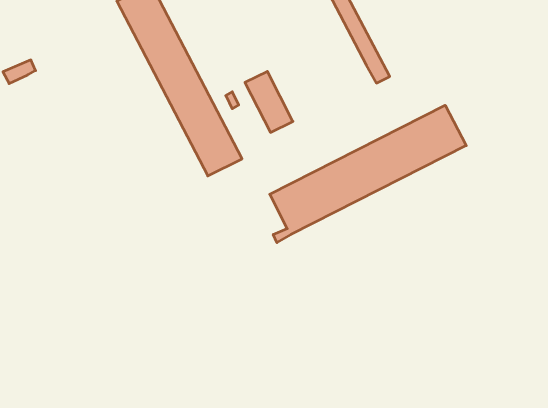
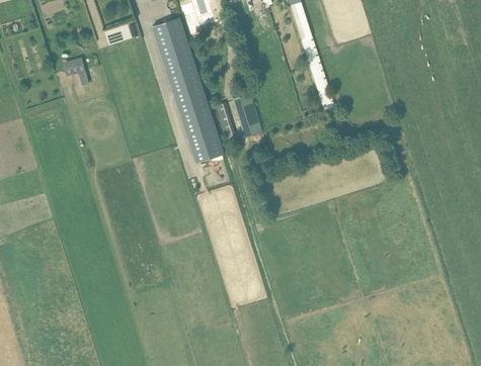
building: [270,105,466,243] -> none

